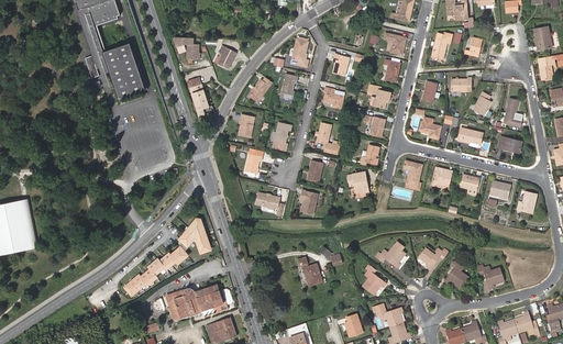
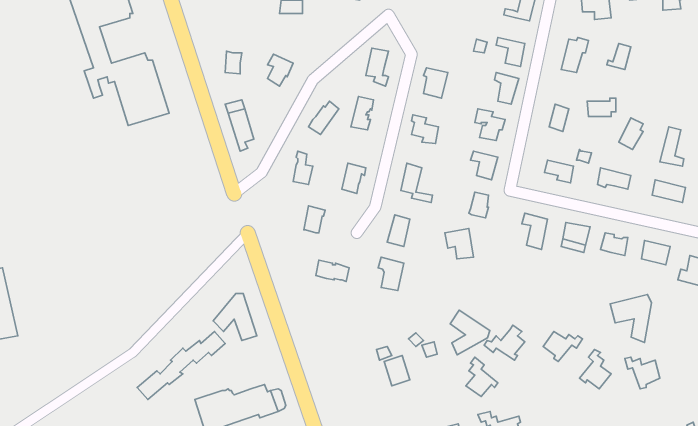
building: none -> [610,295,652,342]
building: none -> [450,310,490,355]

